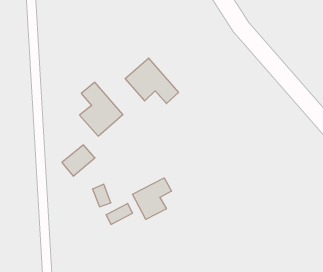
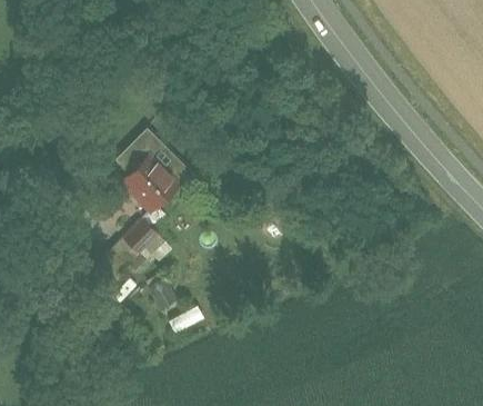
building: [125,58,178,104] -> none
building: [133,178,171,219] -> none

